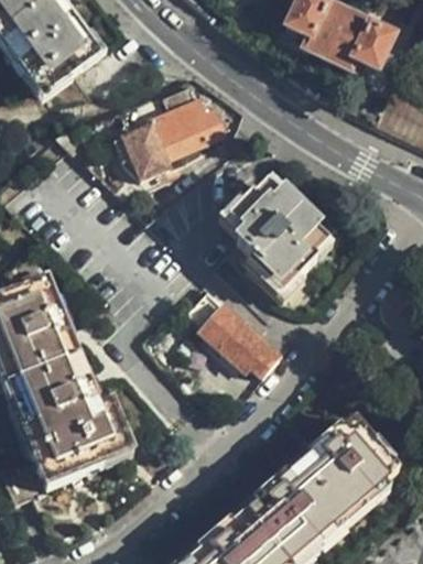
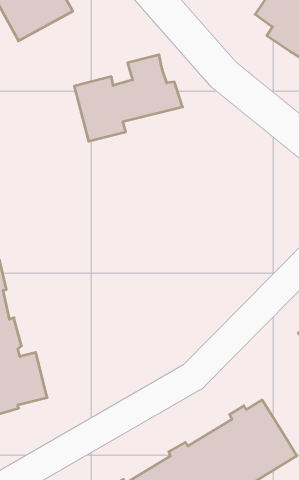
building: [229,176,330,296] -> none
building: [202,307,279,376] -> none

